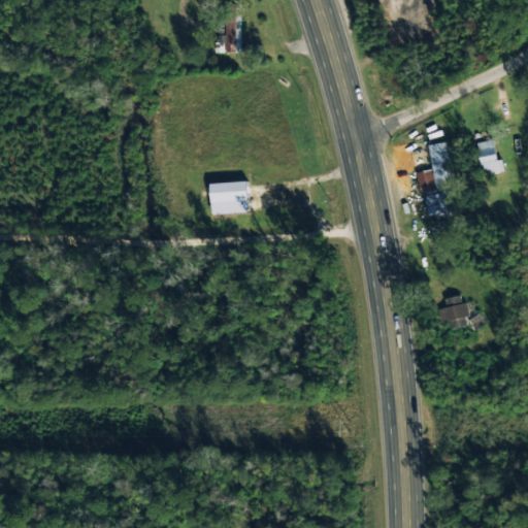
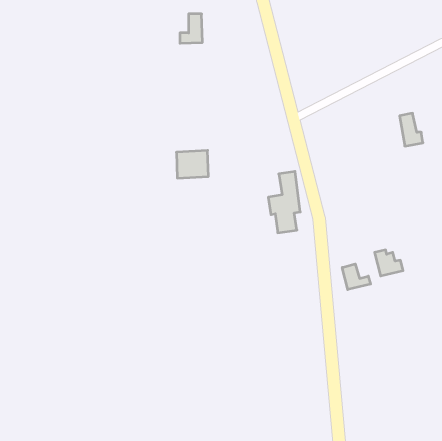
building: [416,141,454,214] -> [268,171,300,233]
building: none -> [342,264,371,290]

